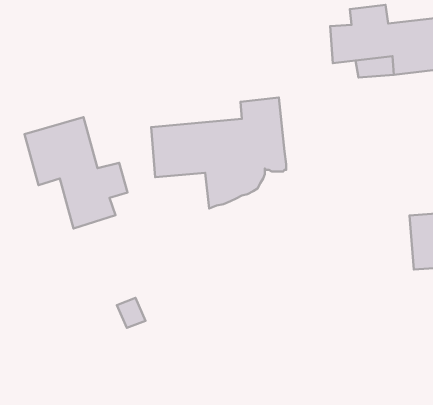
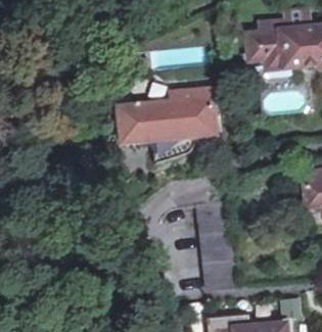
building: [24,117,127,228] -> none
building: none -> [197,200,237,291]

